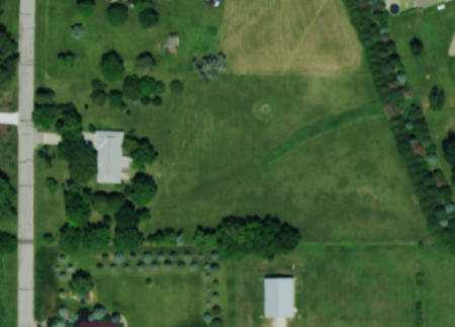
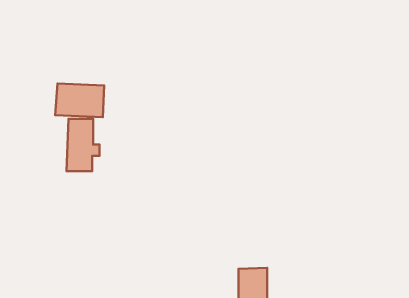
building: none -> [55,84,104,117]

